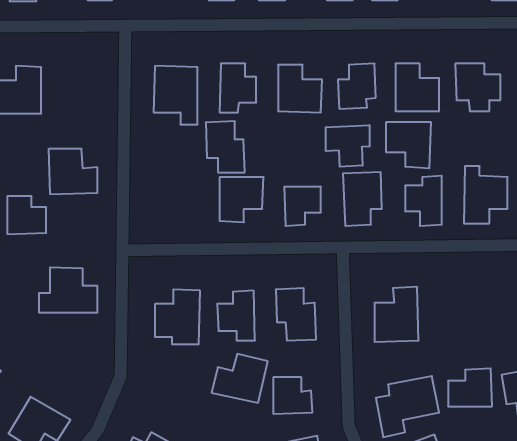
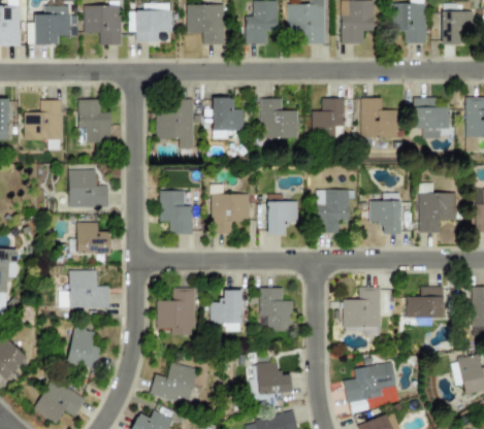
building: none -> [78,100,111,142]
building: [206,121,245,172] -> [160,191,193,234]
building: [386,122,431,168] -> none
building: [326,125,369,167] -> none
building: [7,196,46,234] -> [77,223,110,255]
building: none -> [66,327,101,370]
building: [212,354,268,403] -> [150,363,197,404]
building: [448,368,492,406] -> [407,287,444,319]

